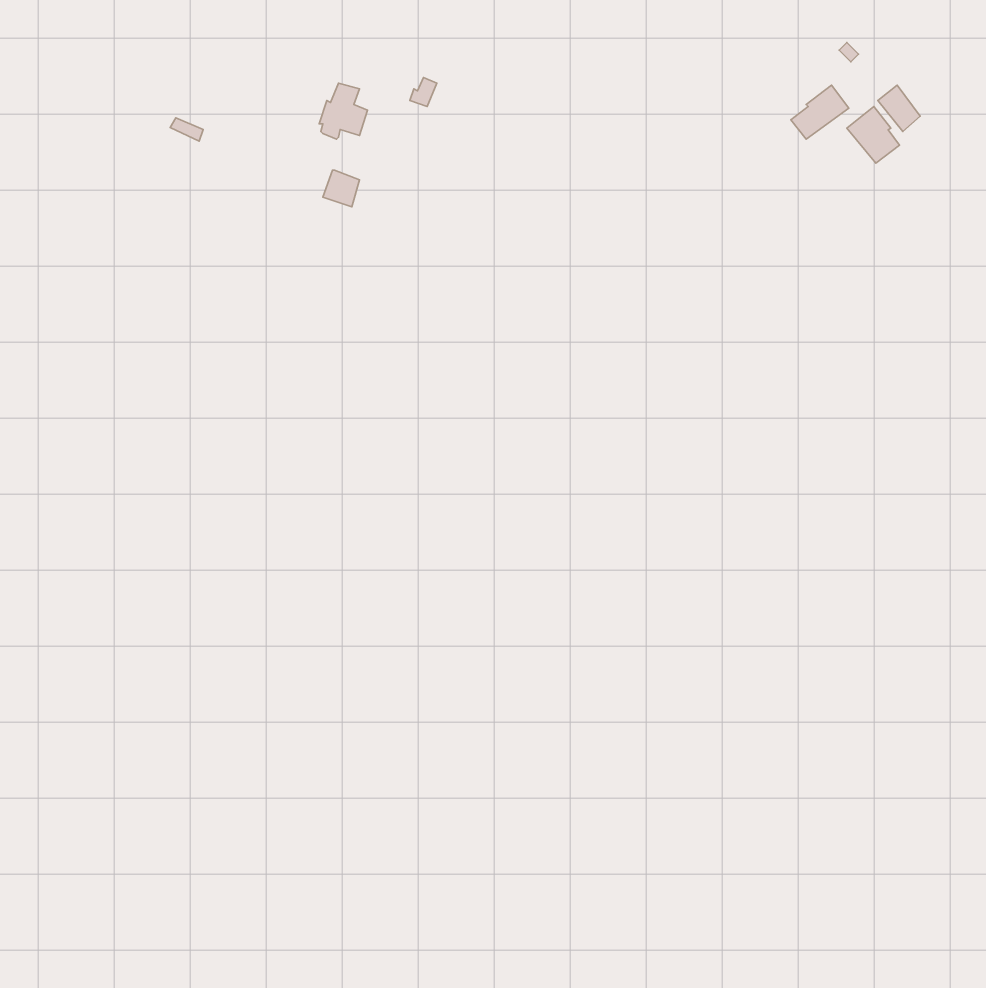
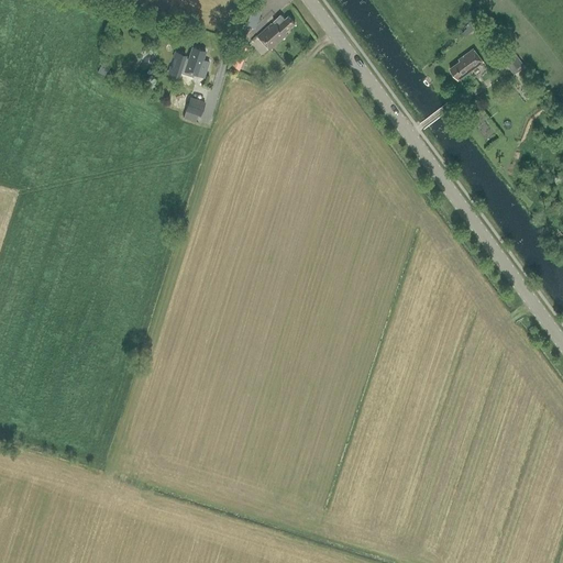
building: none -> [257,15,295,49]
building: [847,106,900,163] -> none

